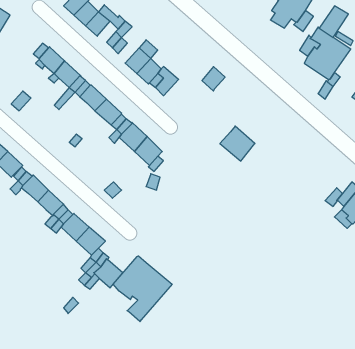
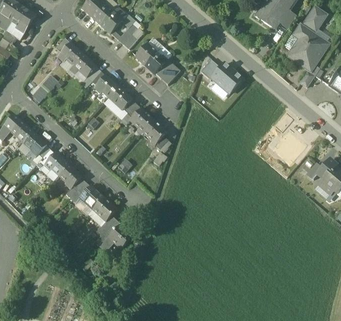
building: [220,126,255,161] -> [211,63,241,93]
building: [113,256,172,322] -> none

